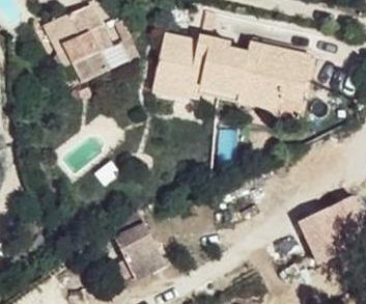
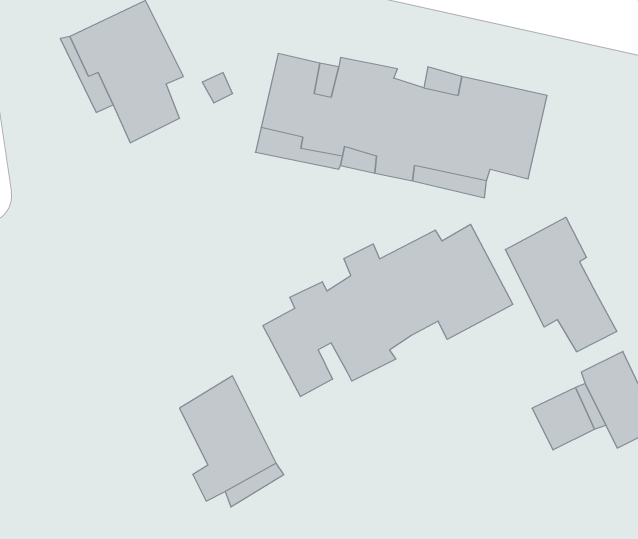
building: none -> [505,217,617,352]
building: none -> [263,224,513,397]

